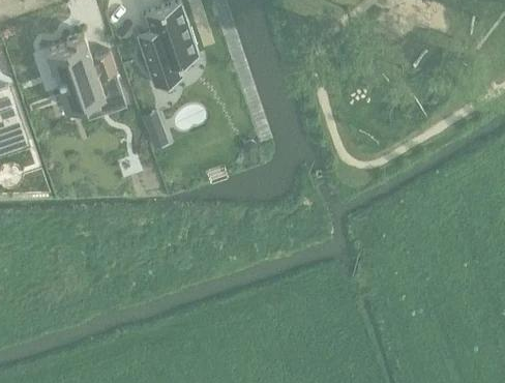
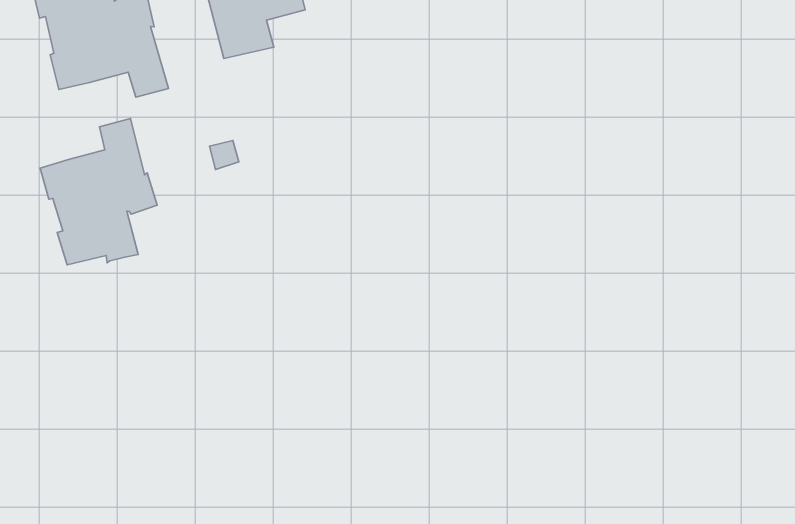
building: none -> [40,118,157,265]

